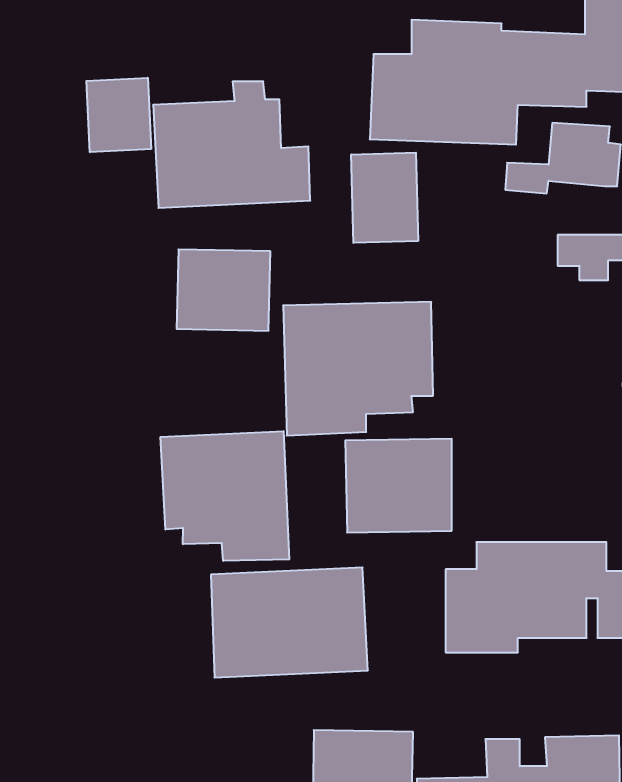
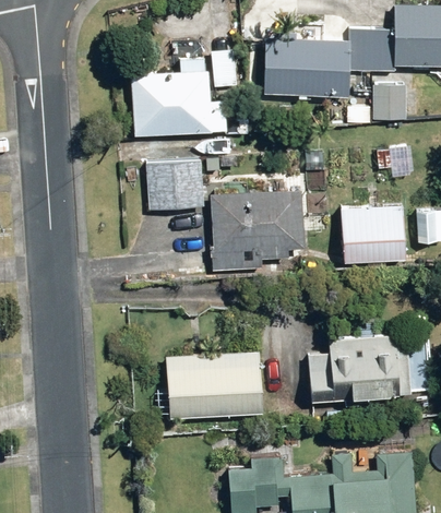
building: [86,78,151,152] -> none
building: [351,153,418,243] -> none
building: [161,431,289,561] -> none
building: [345,439,452,533] -> [342,205,406,262]

